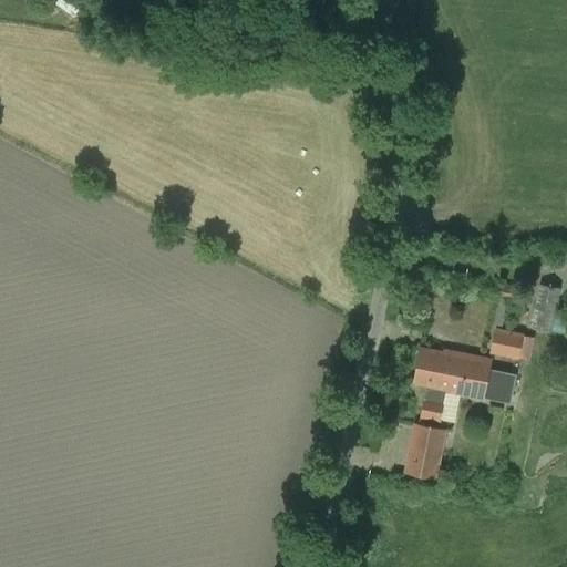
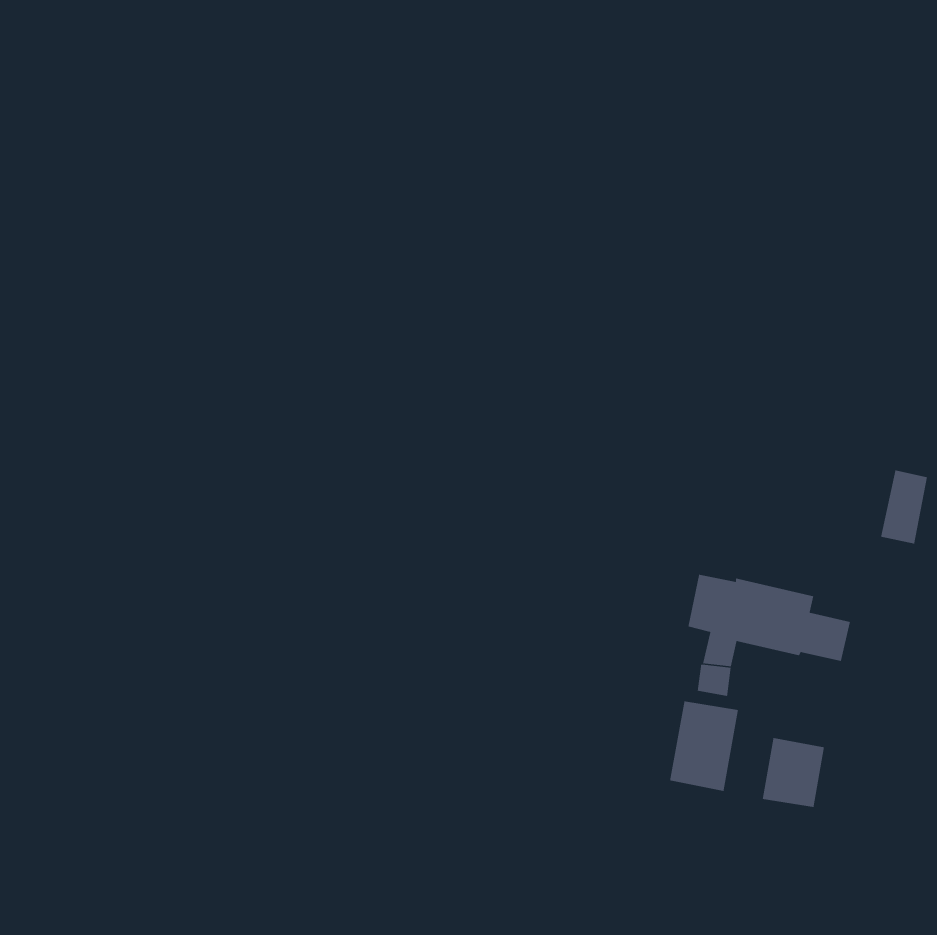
building: [491,328,525,359] -> none
building: none -> [762,737,825,808]

